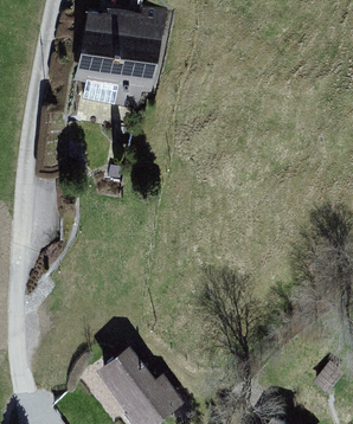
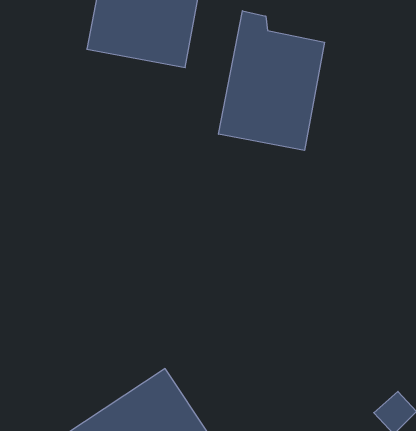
building: none -> [219,11,324,150]

